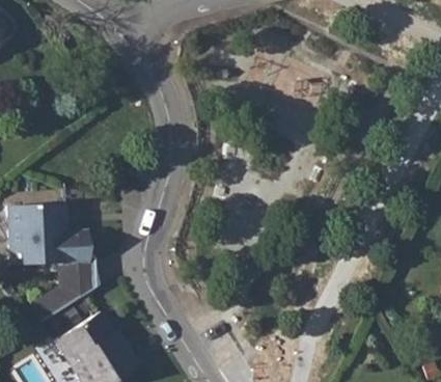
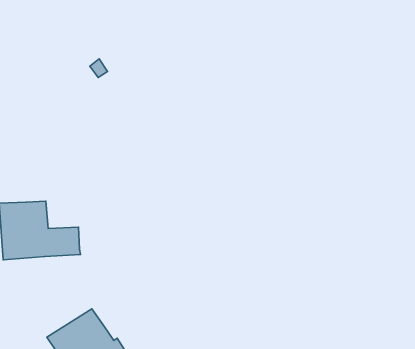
building: [31,254,99,324] -> none

